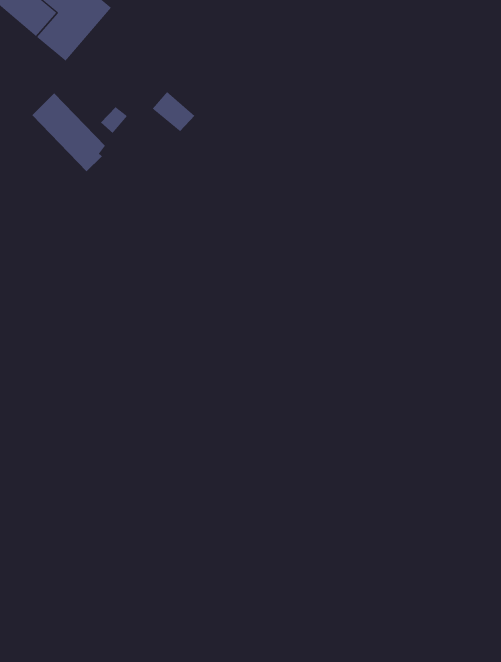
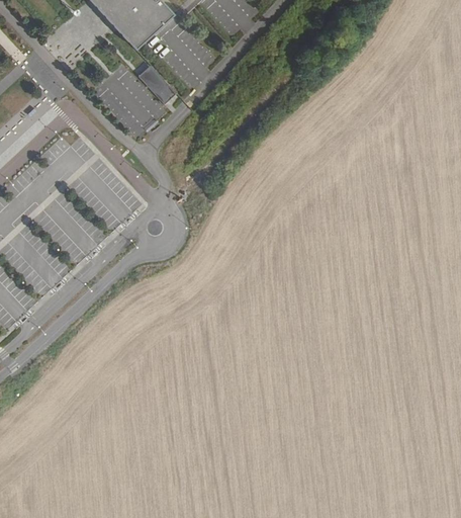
building: [152,91,195,132] -> [137,66,168,96]

